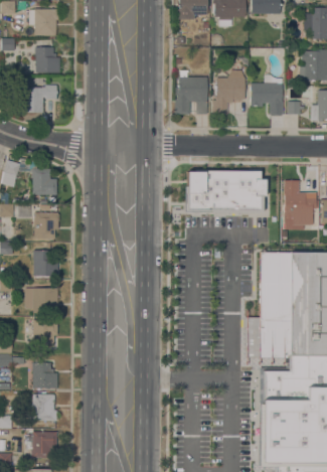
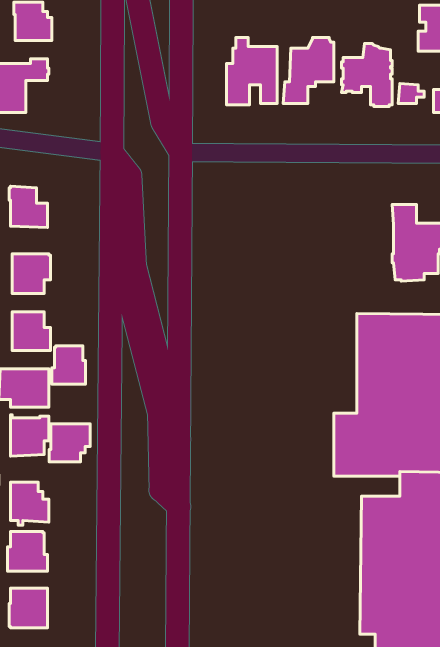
building: [187,171,266,209] -> none
building: none -> [52,346,86,384]
building: none -> [49,424,90,462]

